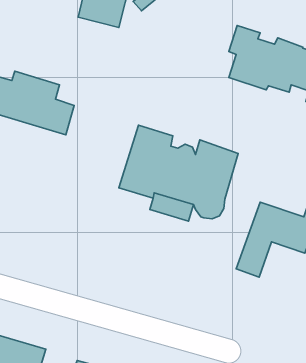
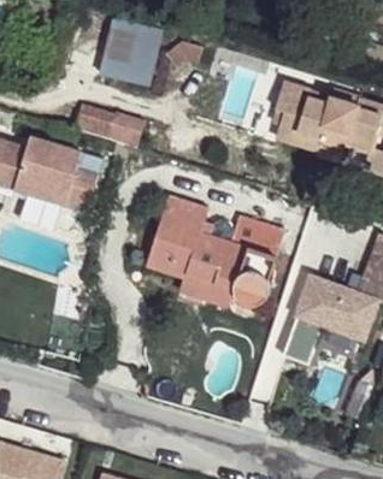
building: none -> [75,104,143,147]

